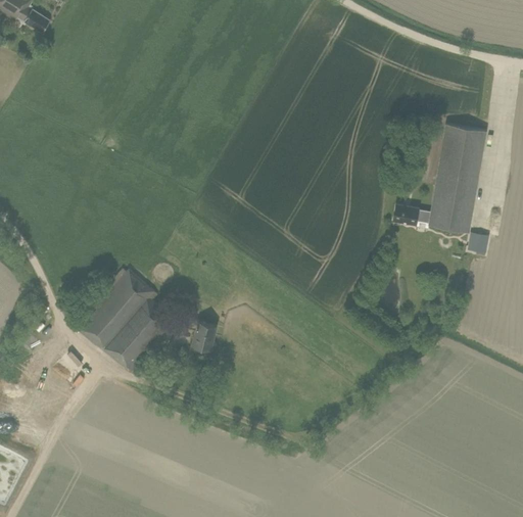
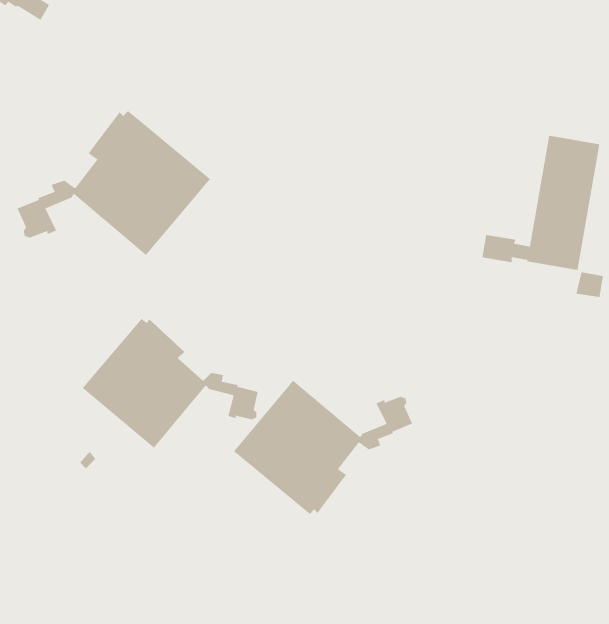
building: none -> [17,110,211,256]
building: none -> [233,380,413,515]

